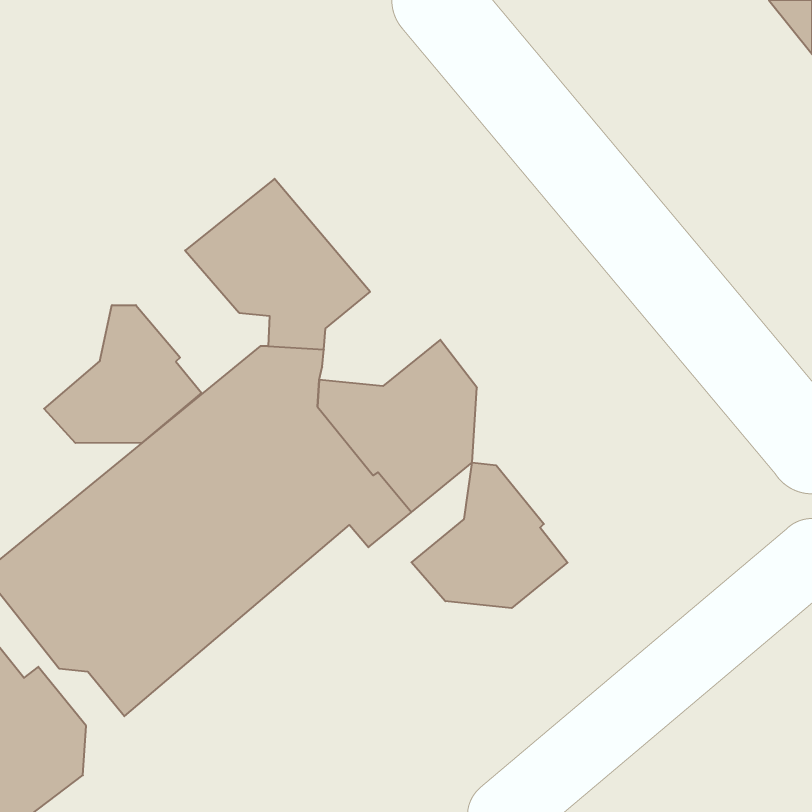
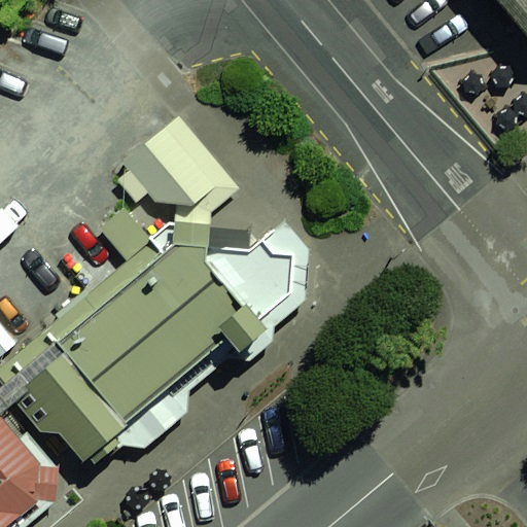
building: [44,305,201,443] -> none
building: [411,463,568,608] -> none

